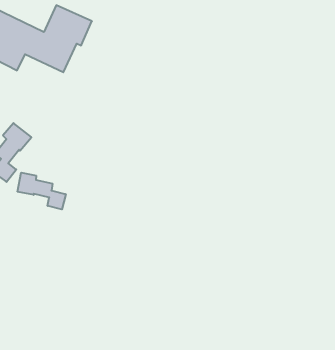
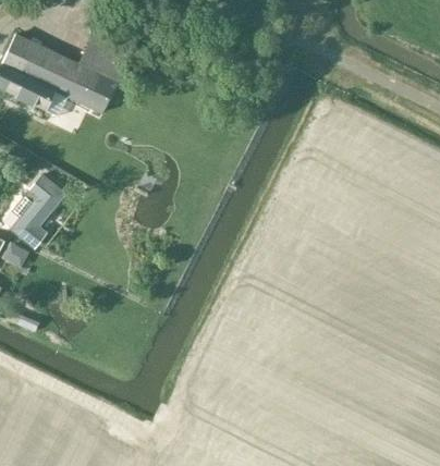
building: [18,173,66,209] -> none

